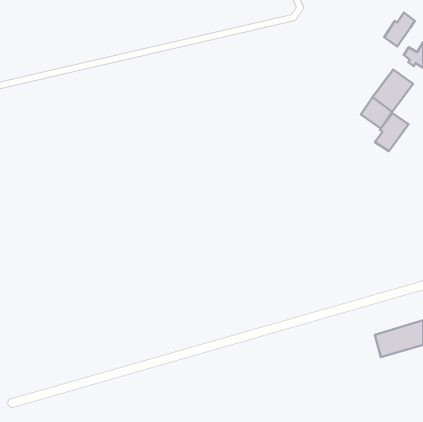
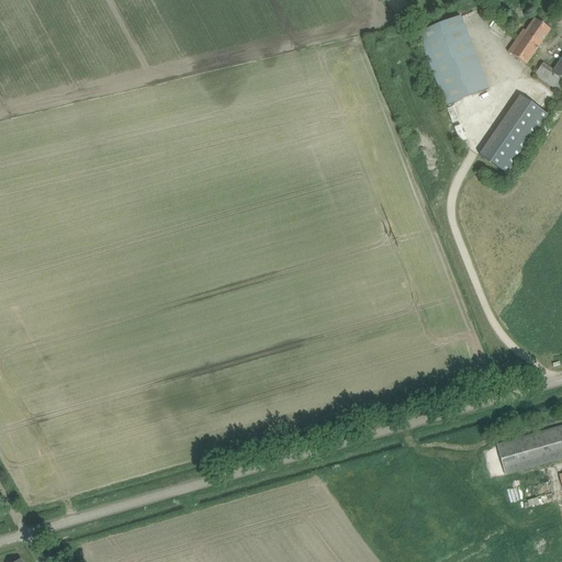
building: none -> [417,14,479,104]
building: [375,113,408,151] -> none

